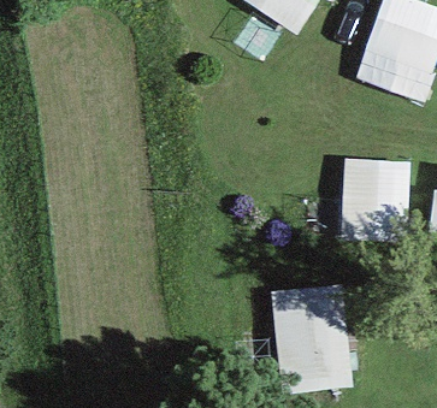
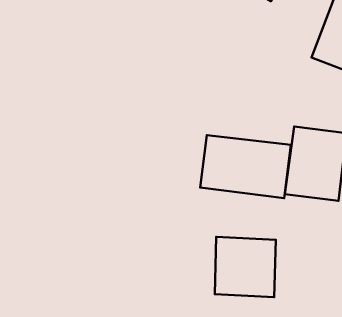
building: none -> [200,135,291,198]

